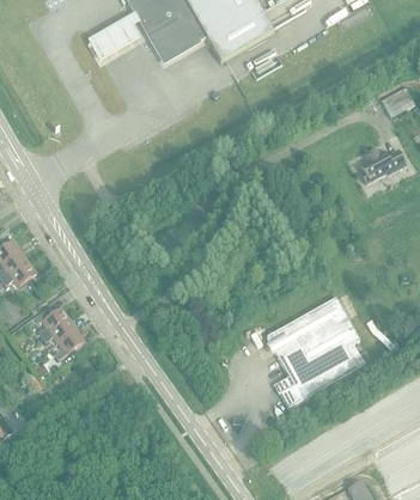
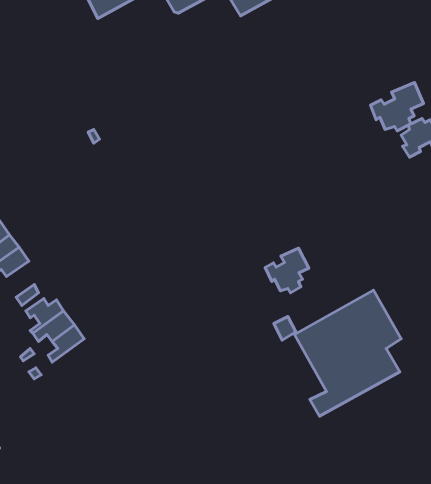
building: none -> [370,82,424,131]
building: none -> [265,248,309,293]

